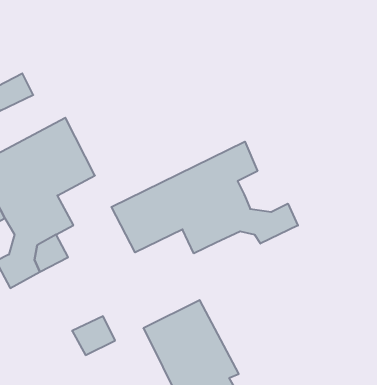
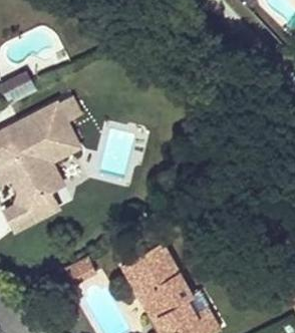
building: [111,142,298,253] -> none

